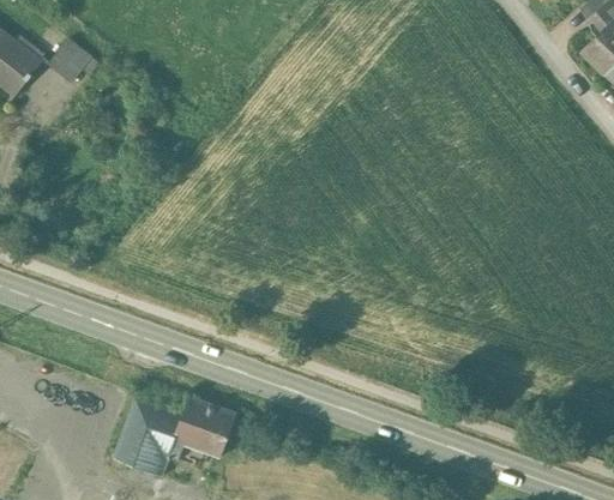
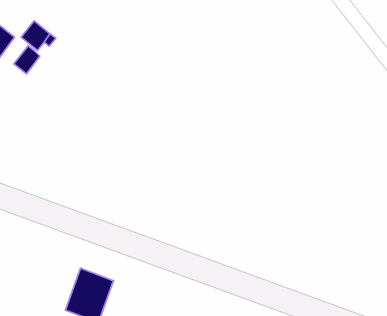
building: none -> [14,46,40,74]
building: [168,394,236,459] -> none

